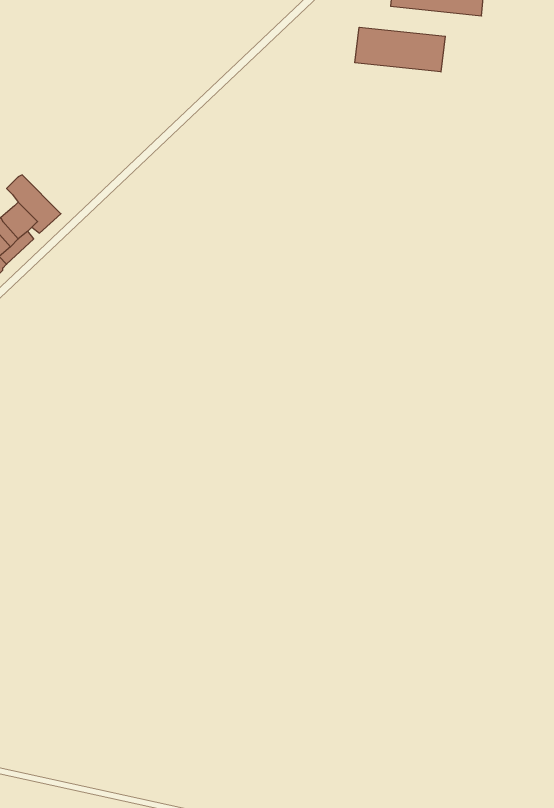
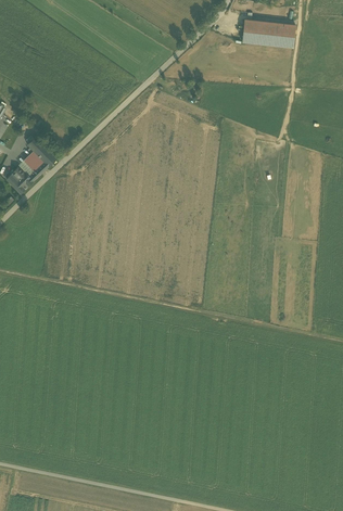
building: [355,27,445,72] -> none

